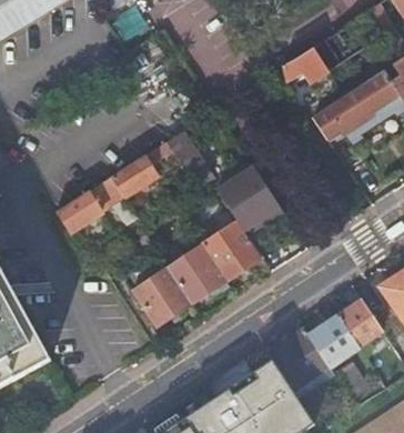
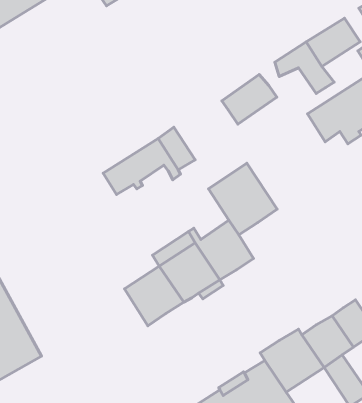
building: none -> [222,75,277,124]
building: [58,175,144,233] -> none

